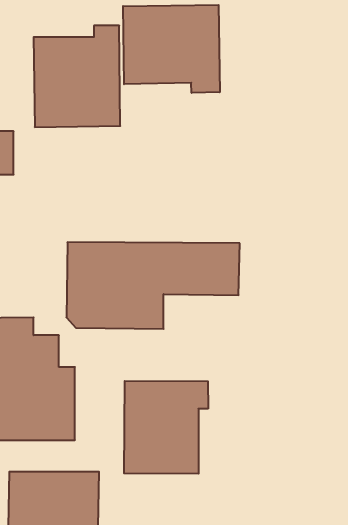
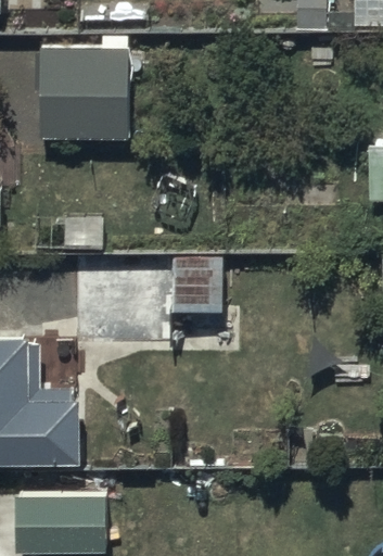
building: [123,5,220,93] -> none
building: [124,381,208,474] -> none

